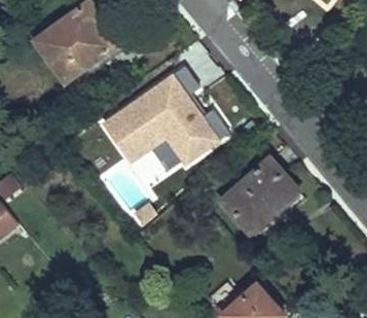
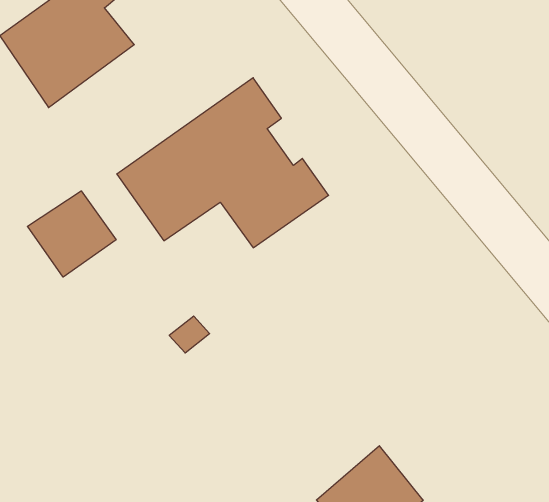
building: none -> [27,191,116,277]
building: [224,160,301,235] -> none

